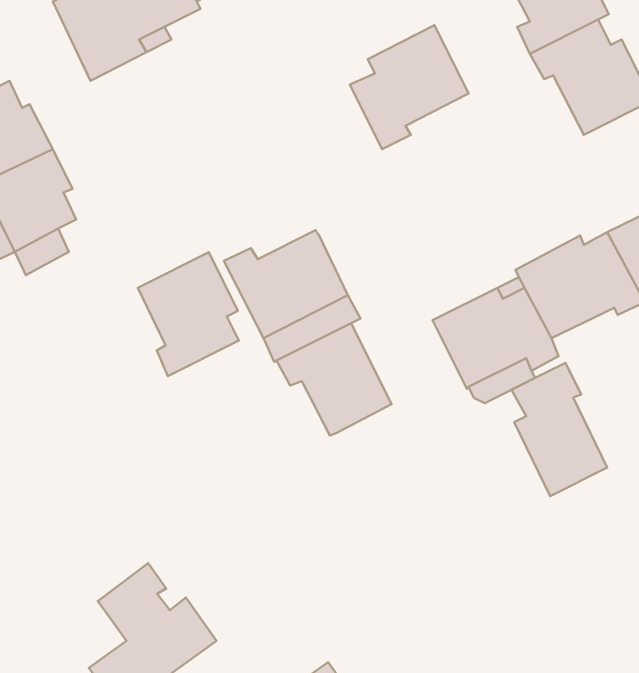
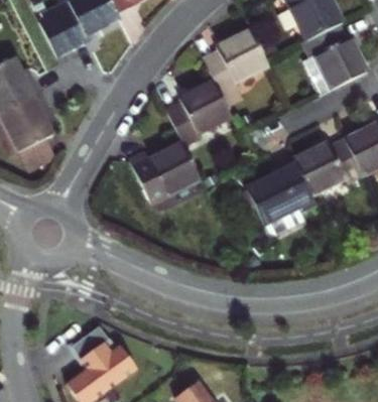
building: none -> [168,80,231,142]
building: [138,252,239,376] -> none
building: [277,323,392,436] -> none
building: [511,363,607,496] -> none

